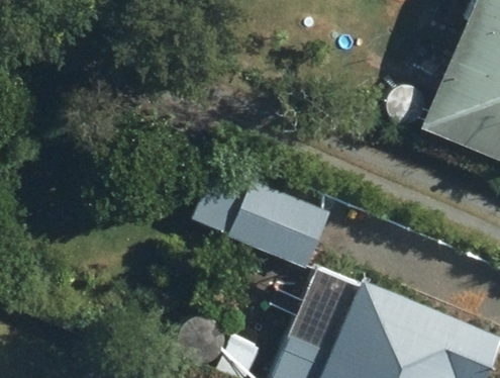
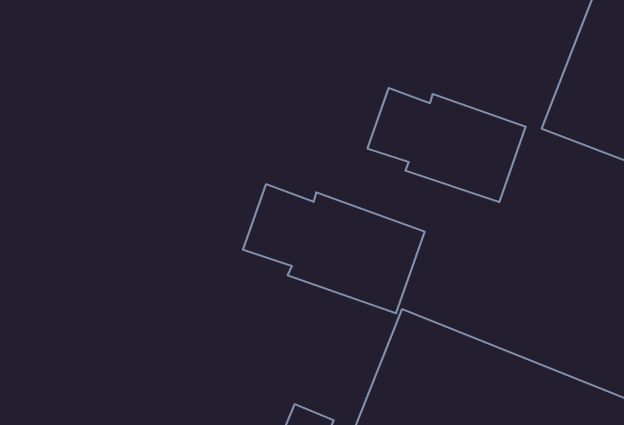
building: none -> [368,88,526,202]

